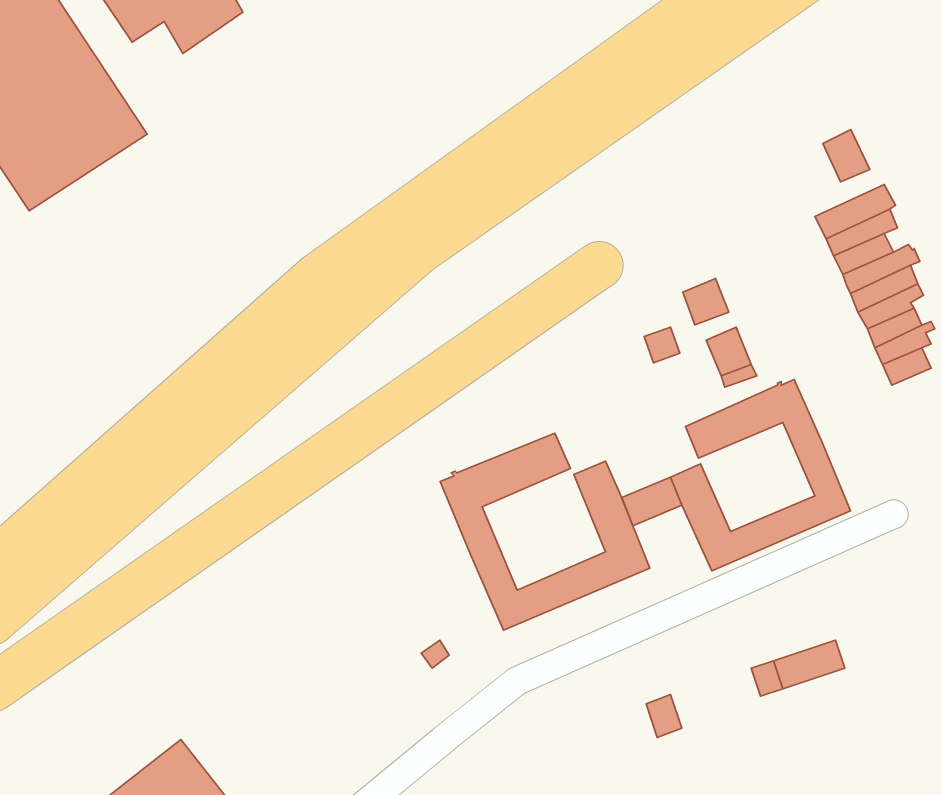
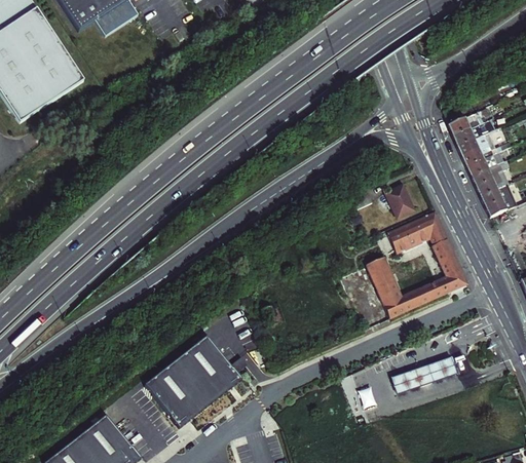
building: [823,129,870,182] -> none
building: [683,279,729,325] -> none
building: [440,433,650,630] -> none
building: none -> [147,336,243,428]
building: none -> [391,372,419,395]

